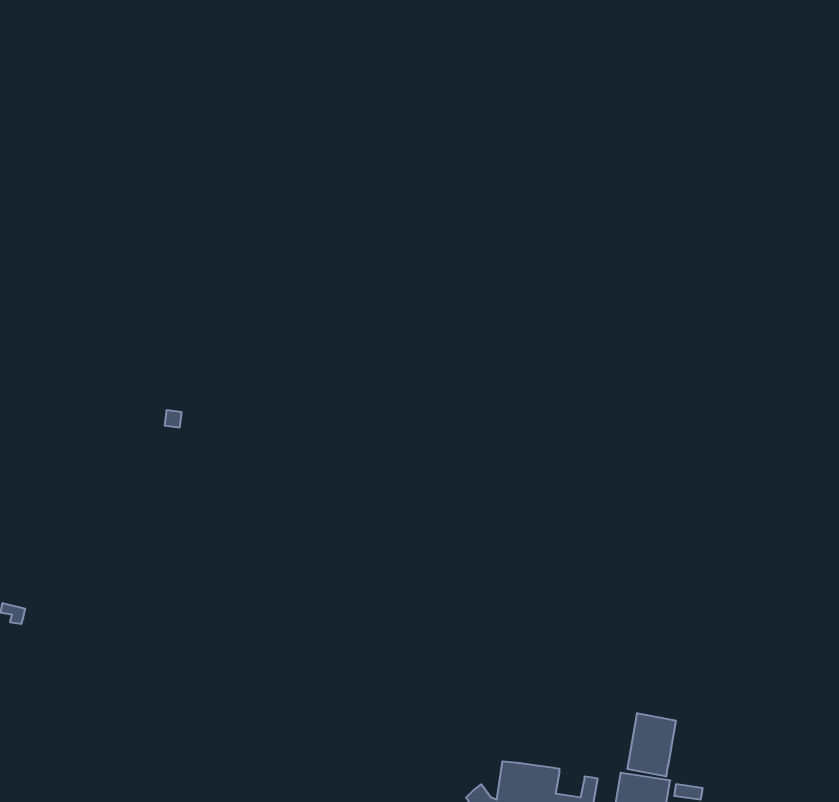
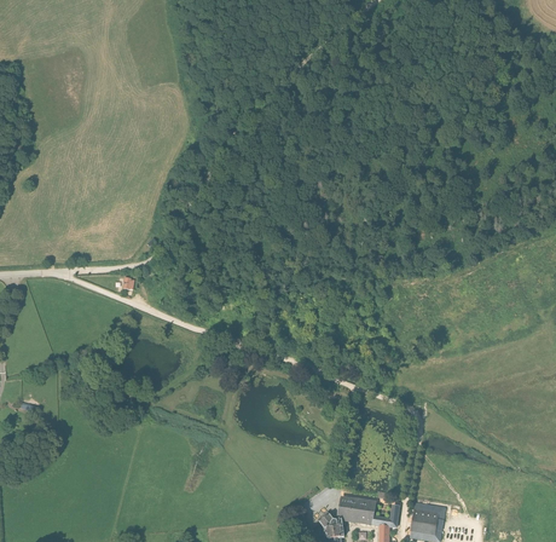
building: [627,713,676,777] -> none

